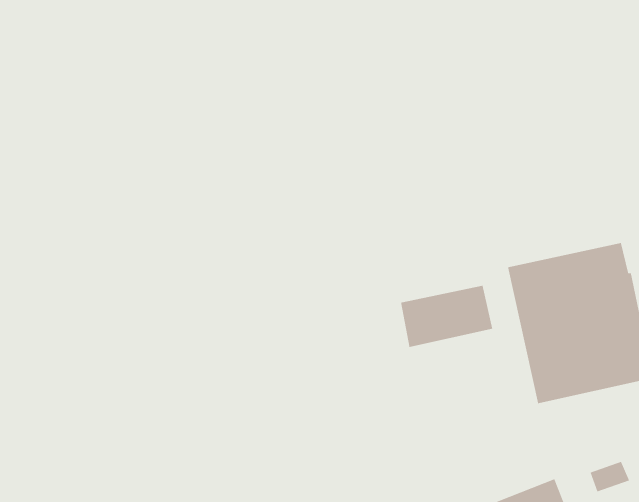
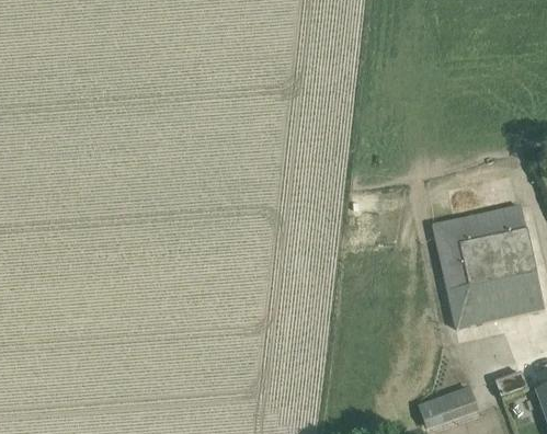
building: [400,285,493,348] -> none

